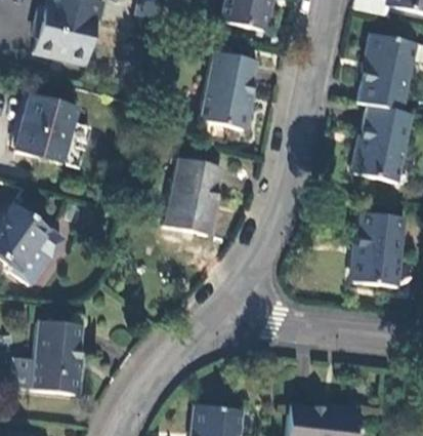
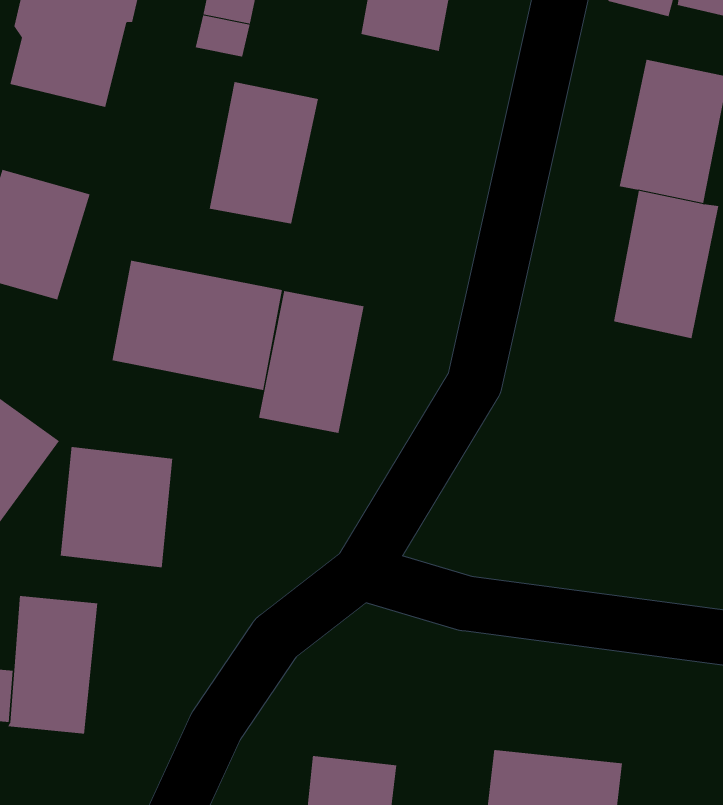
building: [200,51,258,127] -> [209,81,319,224]
building: none -> [112,260,282,391]
building: [355,213,406,288] -> none
building: none -> [60,446,173,568]

